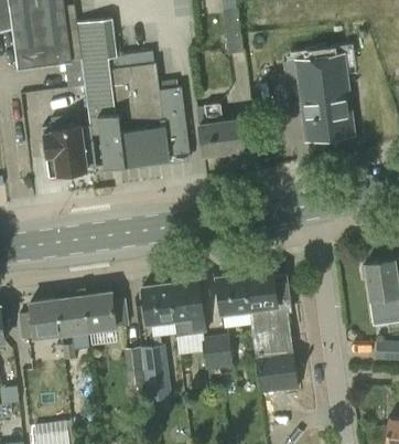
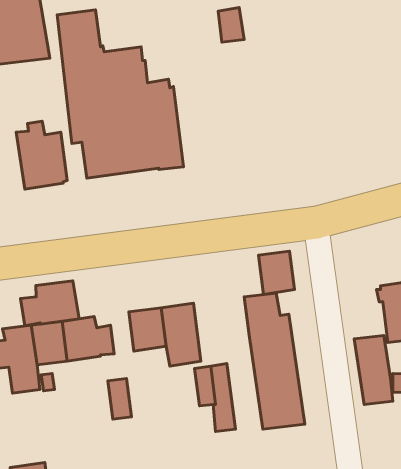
building: [295,55,354,141] -> none
building: [198,105,244,157] -> none
building: none -> [20,281,79,326]
building: [216,275,248,314] -> [259,251,294,295]
building: none -> [354,335,393,405]
building: [139,346,160,402] -> none

